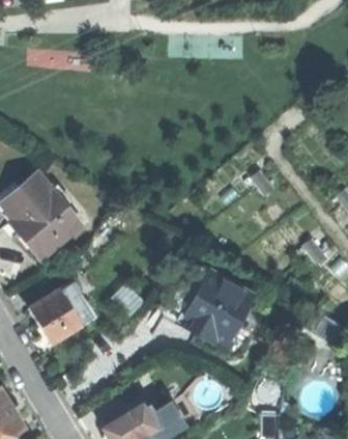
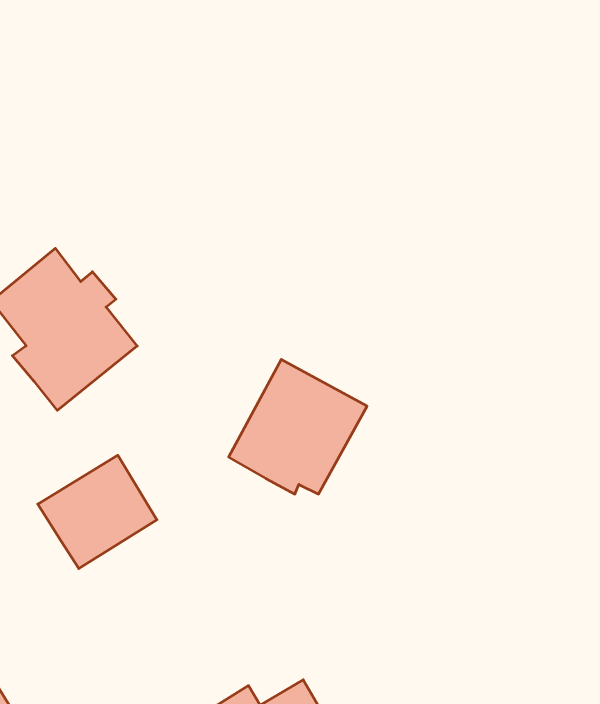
building: [180,272,254,344] -> [229,359,367,494]

